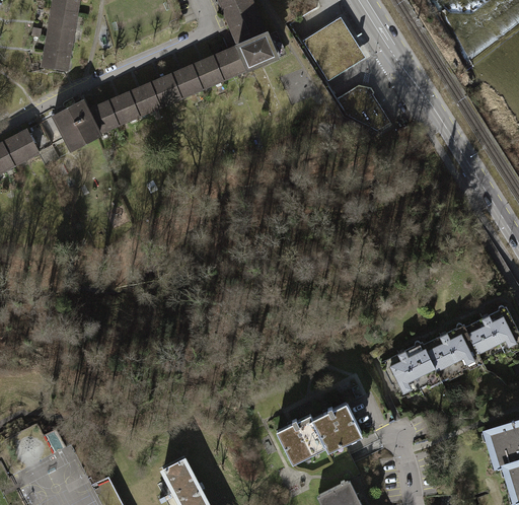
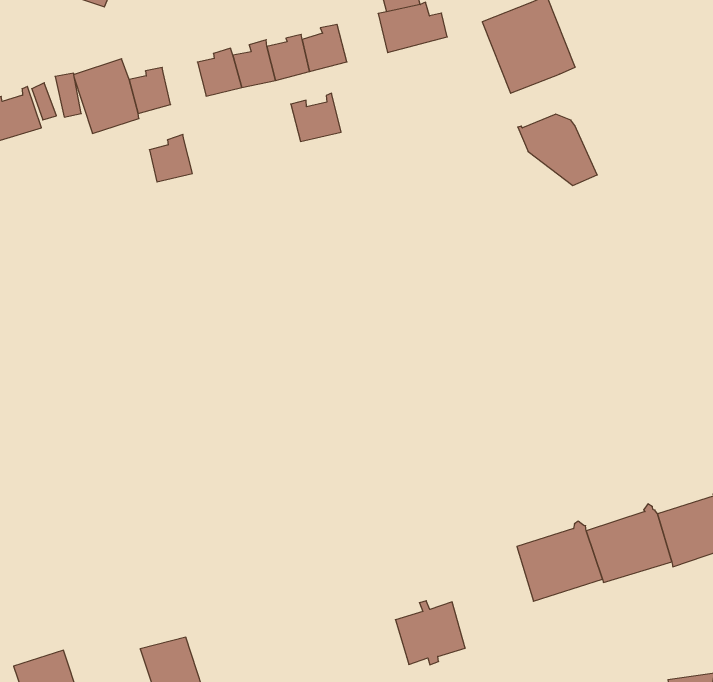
building: [213,46,247,79] -> [291,93,341,141]
building: [109,92,139,125] -> [149,134,192,182]
building: [277,417,324,461] -> none

